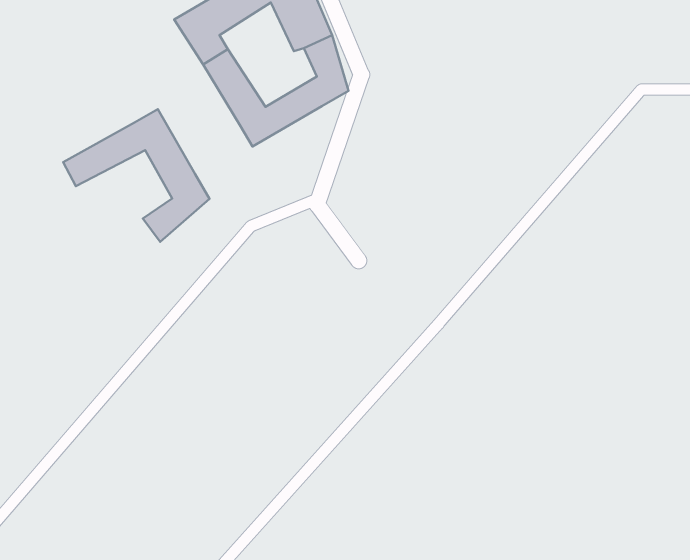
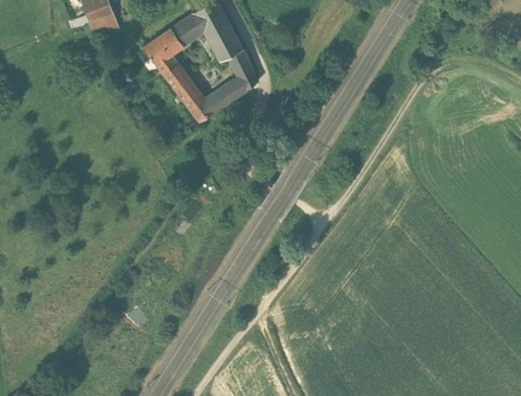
building: [63,109,209,242] -> none

